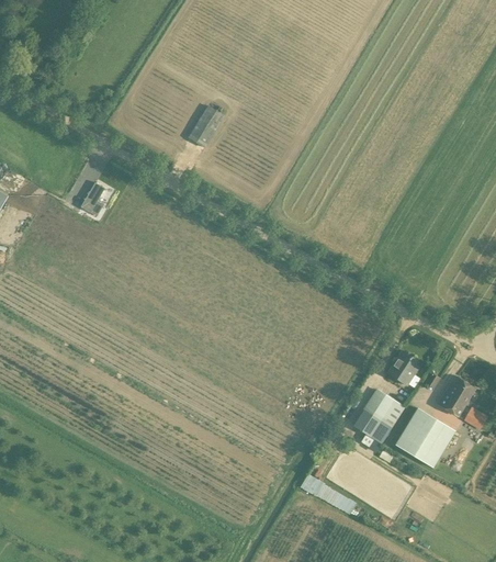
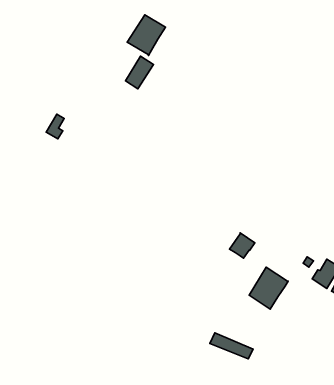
building: none -> [127,15,166,55]
building: [386,350,420,384] -> [229,233,255,258]
building: [395,407,453,467] -> none

